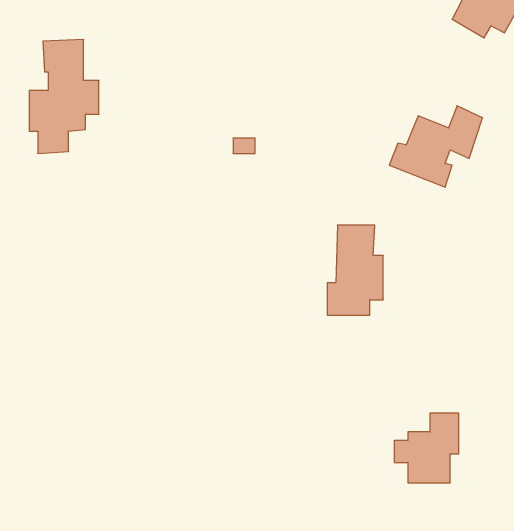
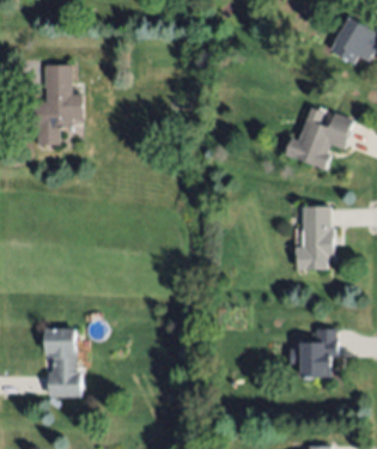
building: [327,225,383,315] -> [297,206,336,269]
building: none -> [45,327,83,396]

